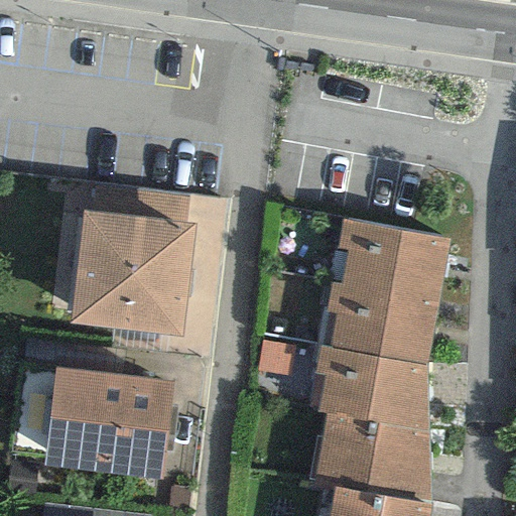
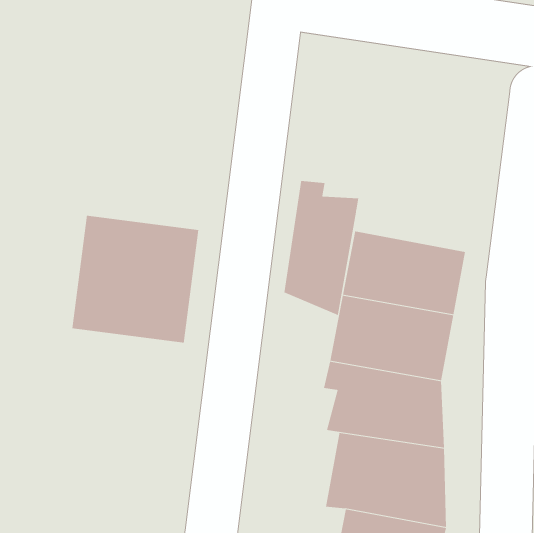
building: none -> [284,180,359,316]
building: [47,366,172,473] -> none

